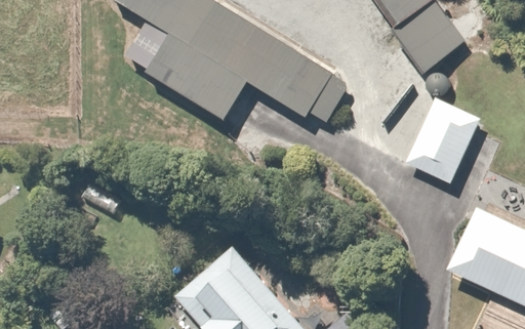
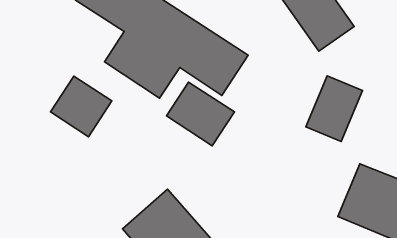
building: none -> [51,76,112,137]
building: none -> [167,82,234,146]

